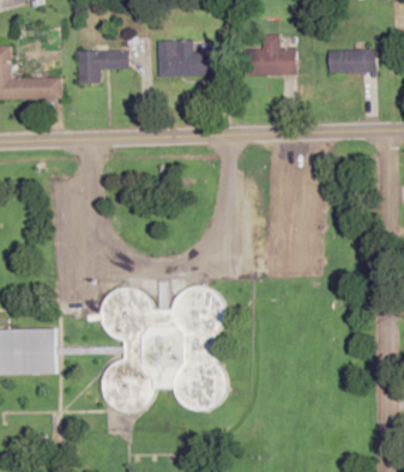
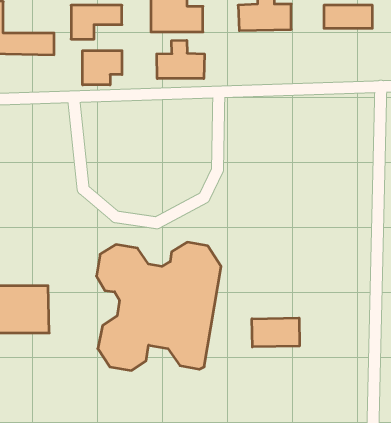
building: none -> [157,40,204,79]
building: none -> [83,51,122,85]
building: none -> [252,318,299,347]

